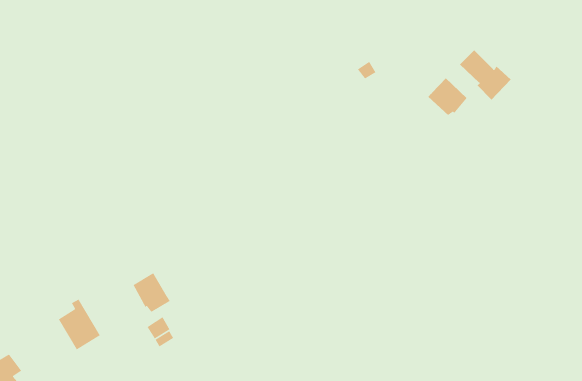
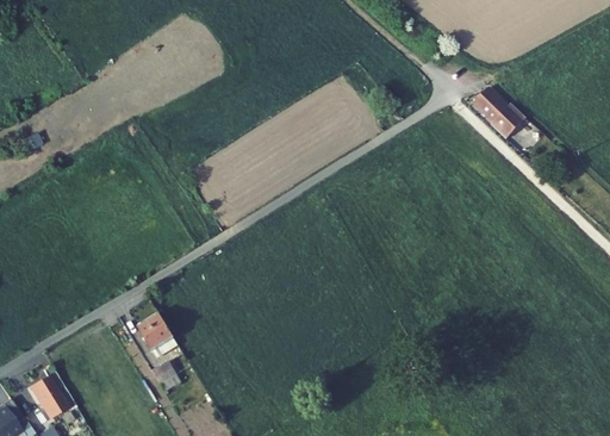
building: [428,78,468,116] -> none
building: [58,298,101,351] -> [30,366,74,419]

